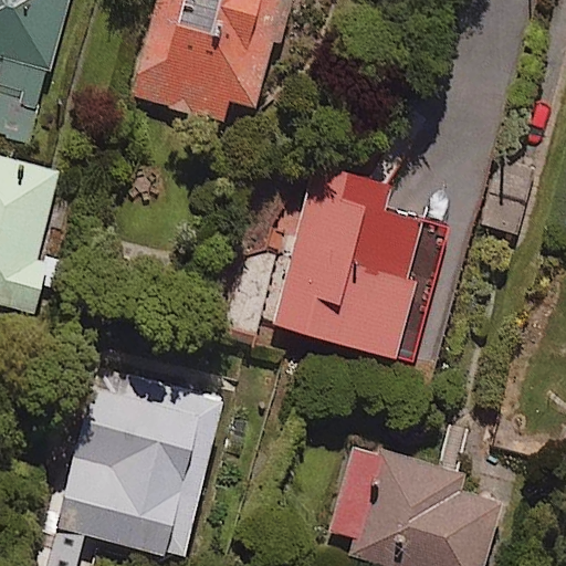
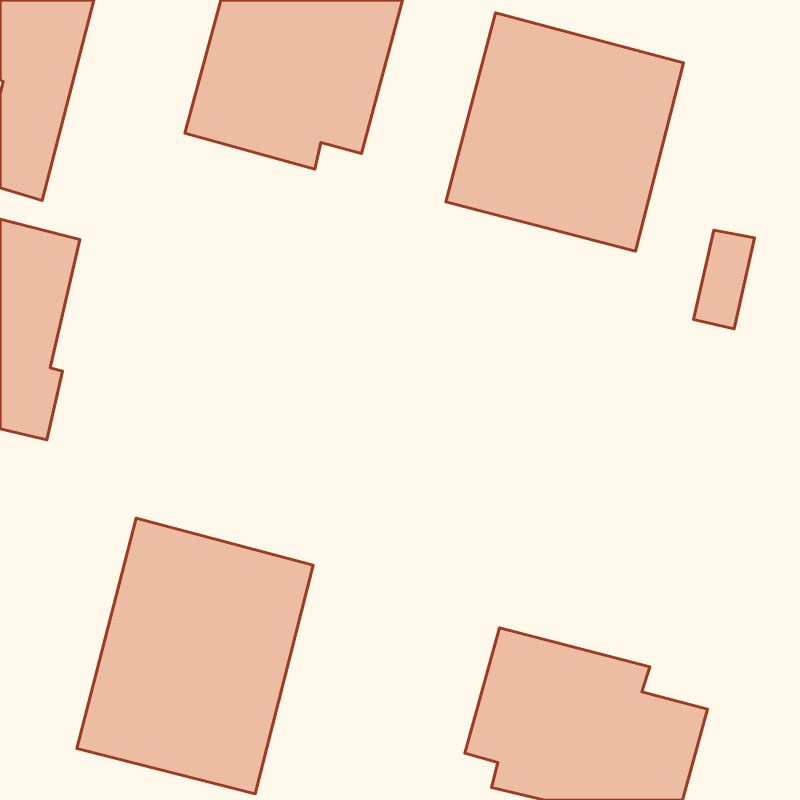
building: none -> [446,13,684,251]
building: [271,164,448,363] -> none

